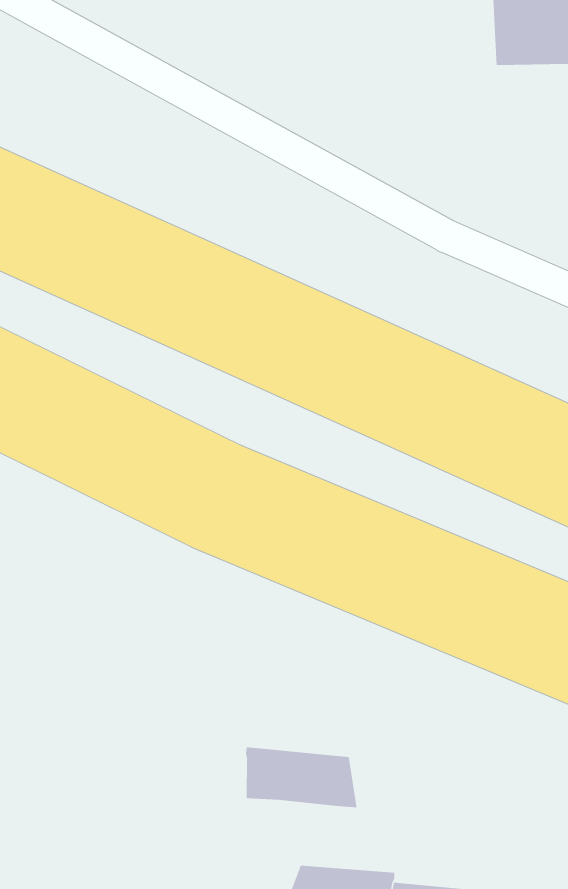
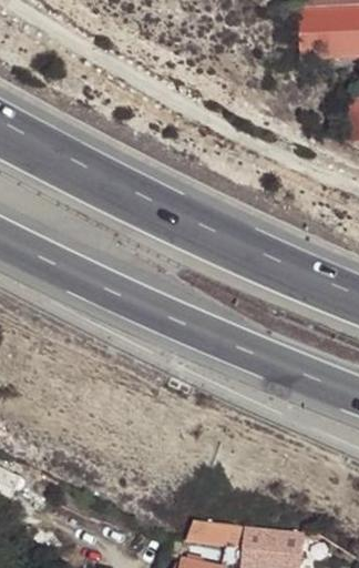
building: [245,746,357,808] -> none

